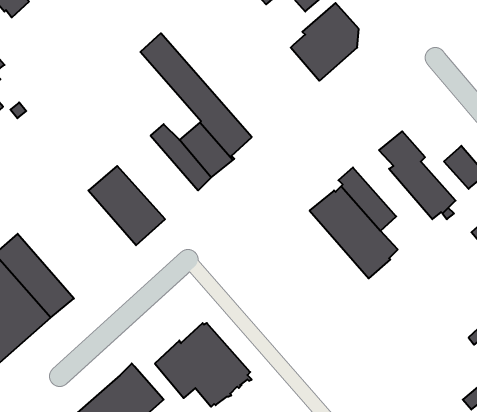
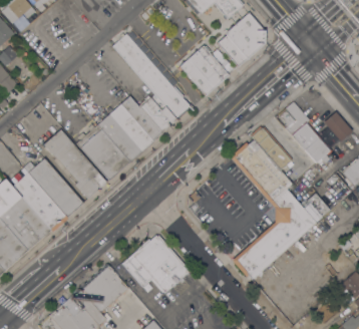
building: none -> [180,45,229,95]
building: none -> [97,104,153,162]
building: none -> [44,129,107,198]
building: none -> [24,159,82,218]
building: none -> [233,191,331,279]

